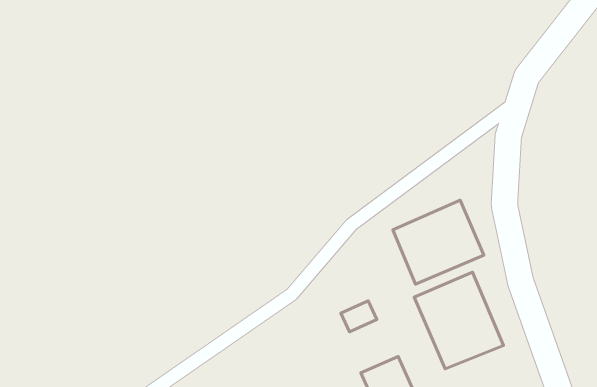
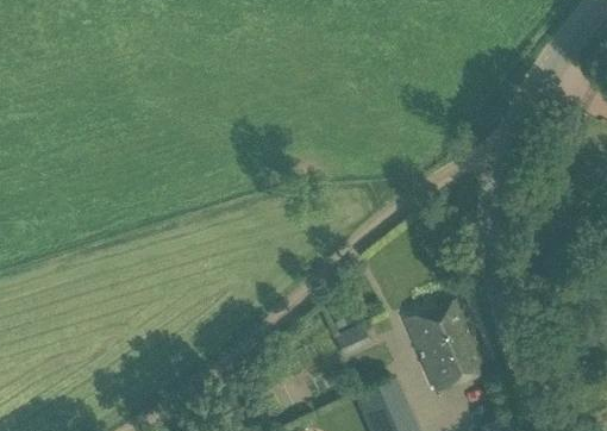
building: [393,200,484,284] -> none

